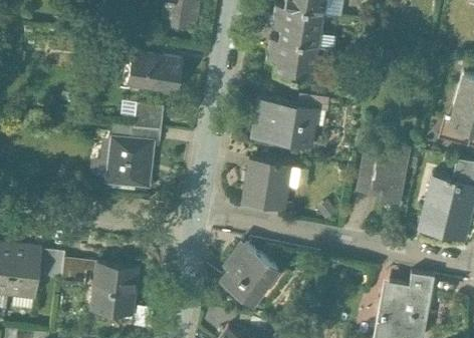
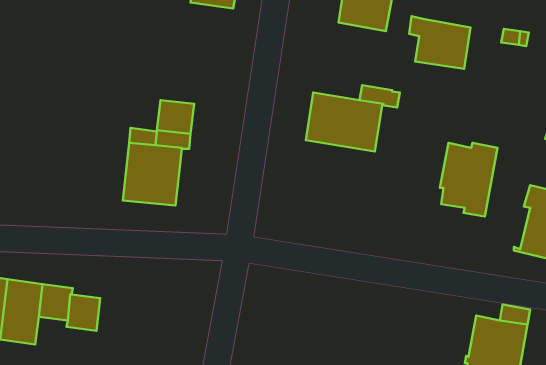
building: [267,42,316,84] -> [409,16,470,69]
building: [126,54,181,95] -> none
building: [238,162,289,211] -> none
building: [220,248,276,306] -> none
building: [93,266,136,313] -> none

